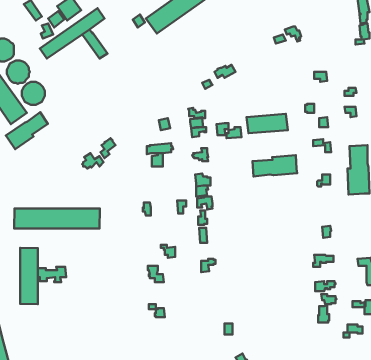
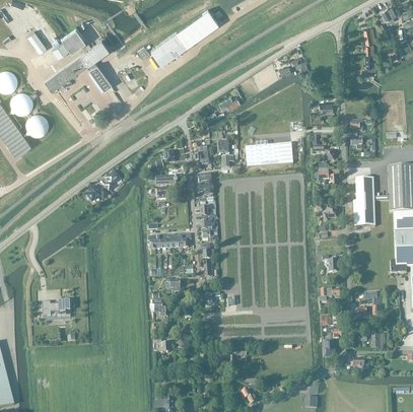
building: [6,112,48,149] -> none
building: [253,155,297,176] -> none
building: [14,208,100,229] -> none
building: [20,248,38,304] -> none

